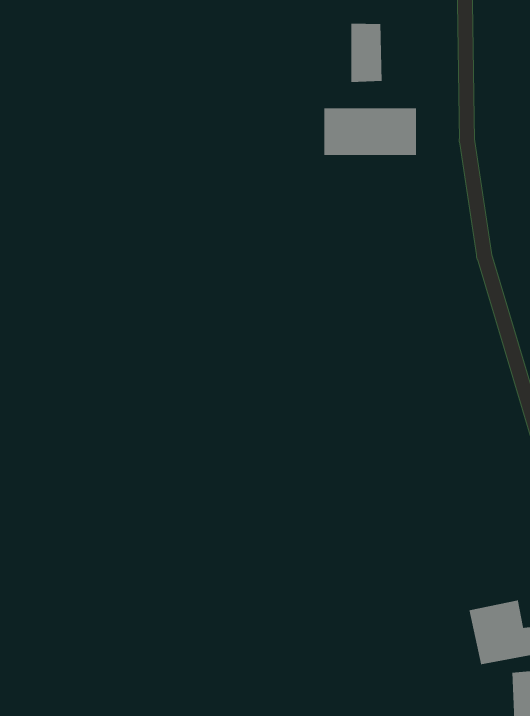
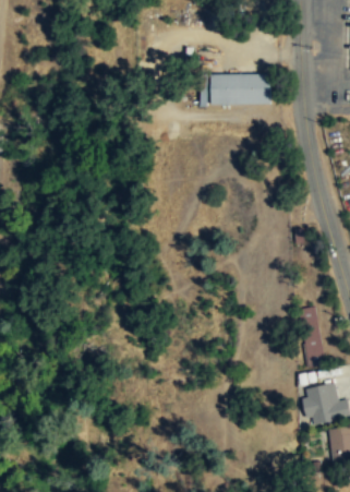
building: [350,23,382,83] -> none
building: none -> [300,305,323,368]

